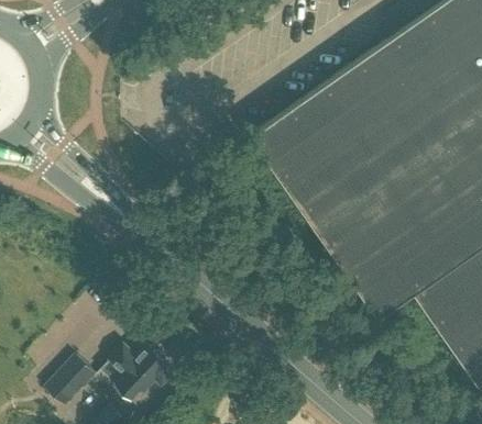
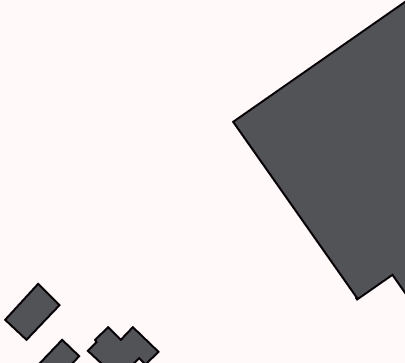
building: none -> [5,284,60,340]

